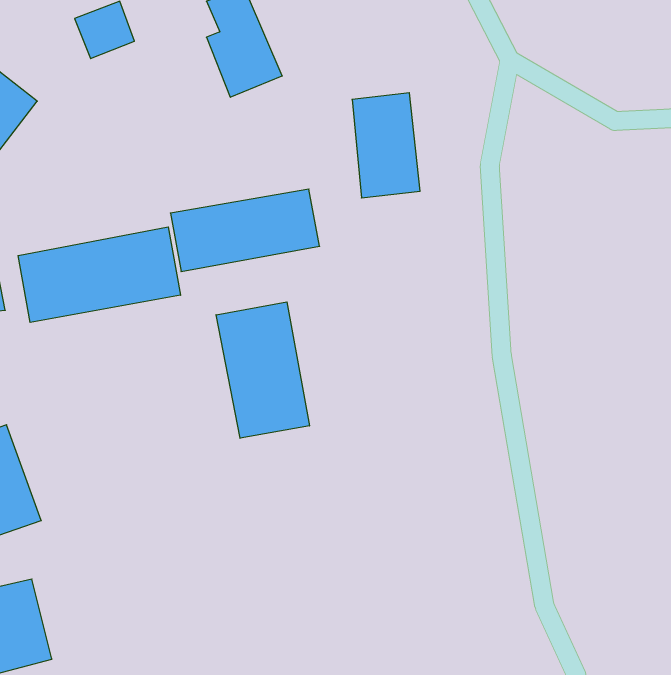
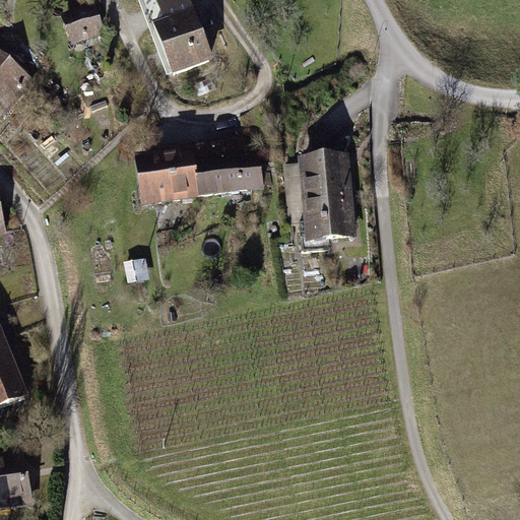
building: [352,93,420,198] -> [296,161,347,242]
building: [18,227,181,322] -> none
building: [216,302,309,438] -> none

